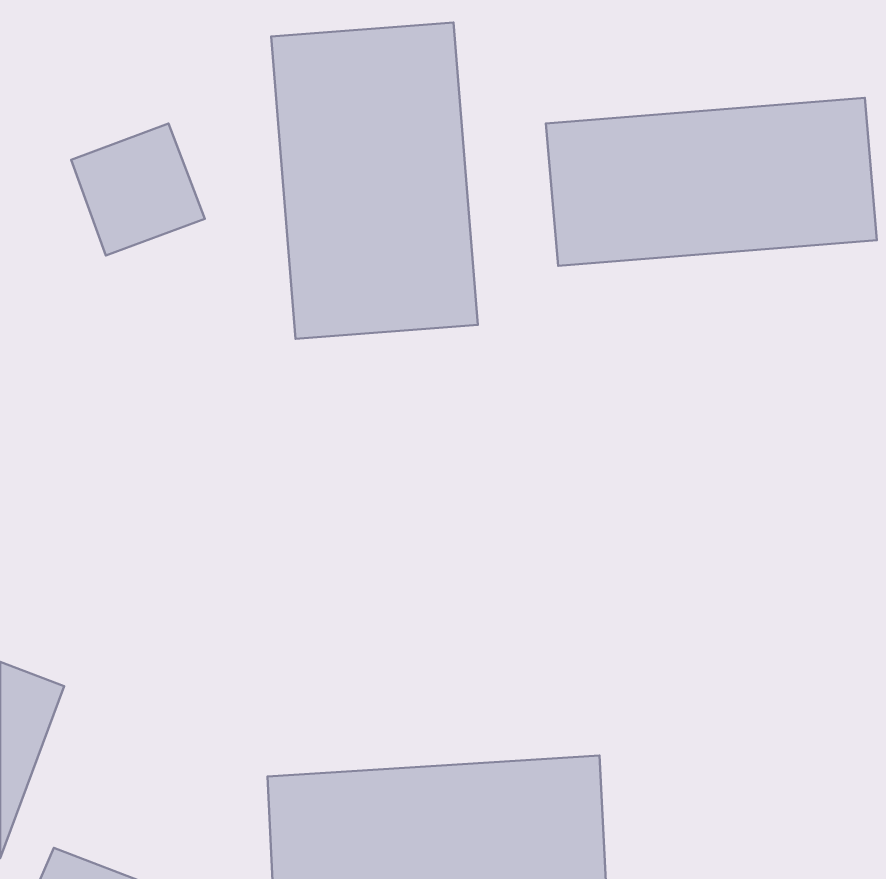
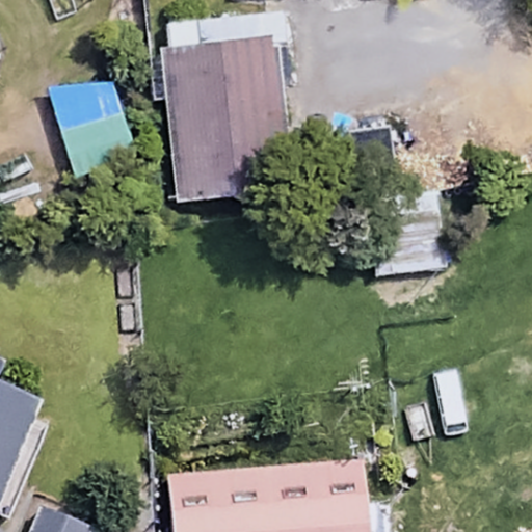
building: [546,98,877,266] -> none

